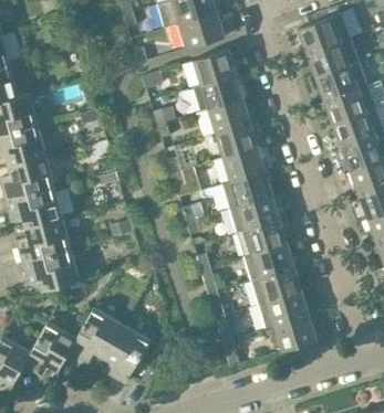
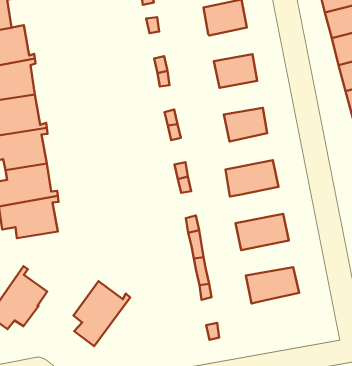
building: [191,74,243,112] -> none
building: [216,123,258,157] -> none
building: [221,170,272,208] -> none
building: [236,219,287,256] -> none
building: [251,267,301,304] -> none
building: [68,301,122,362] -> none
building: [274,315,316,351] -> none

